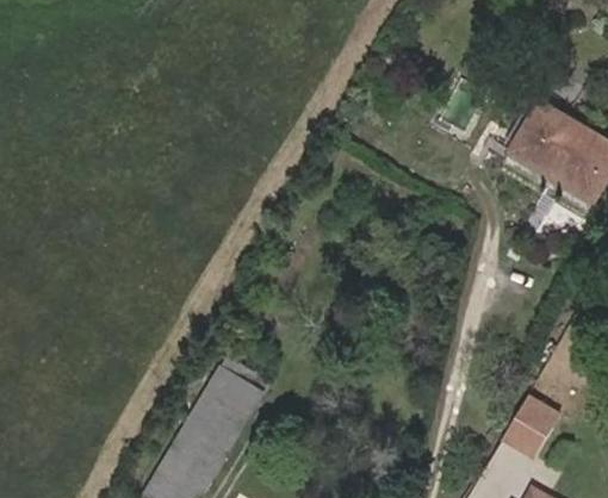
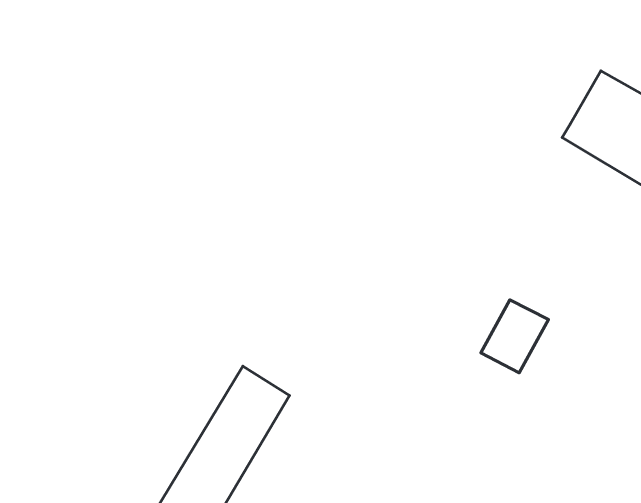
building: [502,387,563,453] -> [481,300,549,373]

